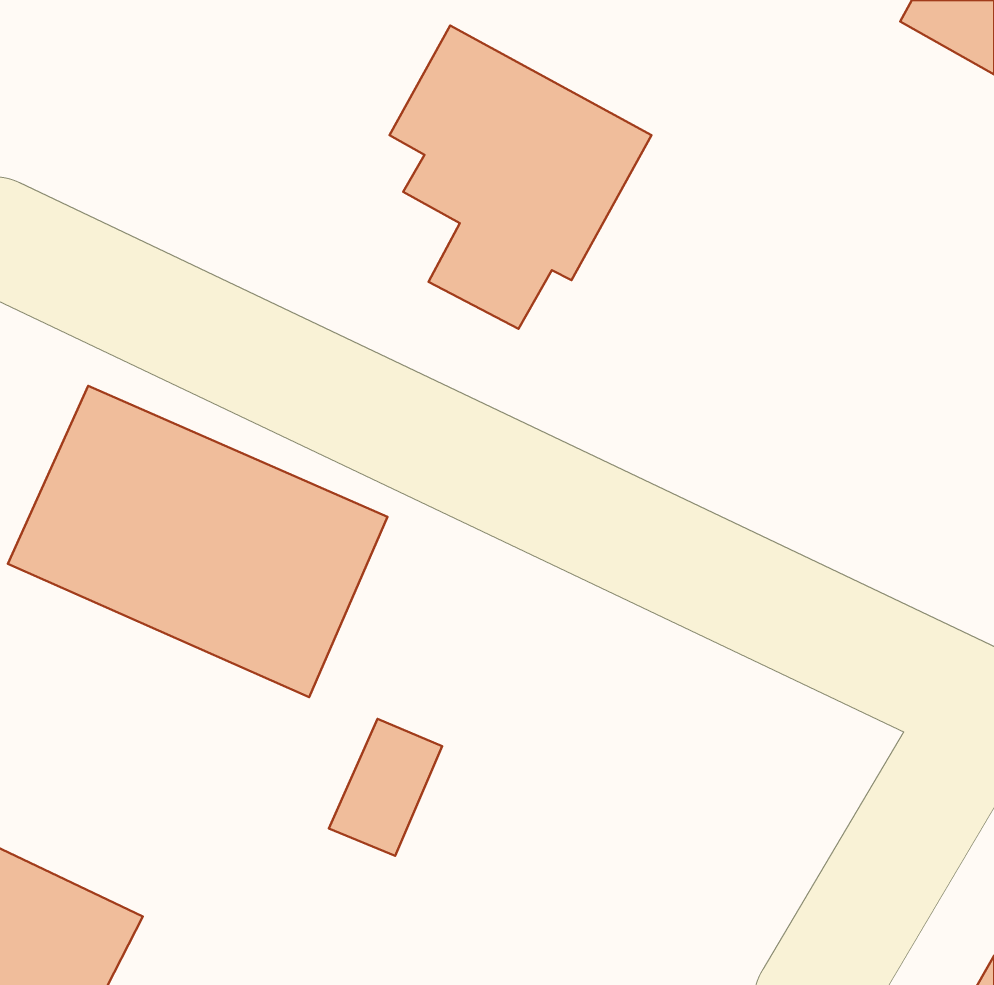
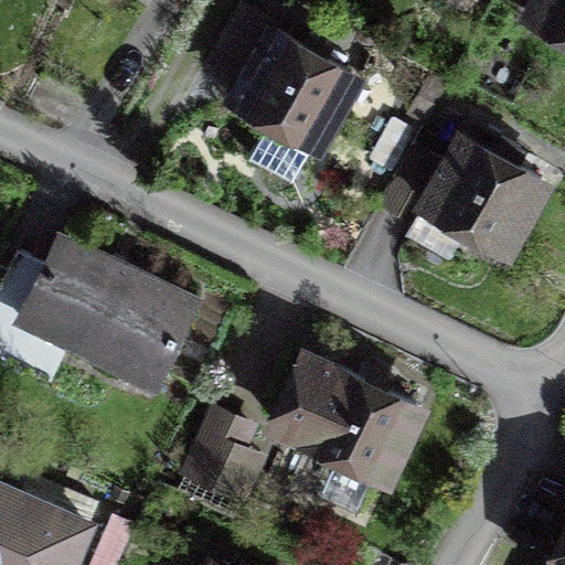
building: none -> [397,134,551,264]
building: none -> [275,352,420,478]

